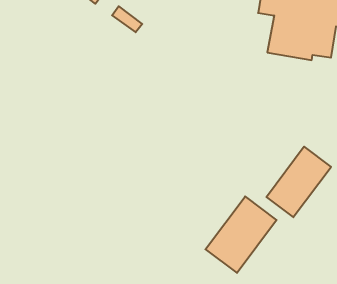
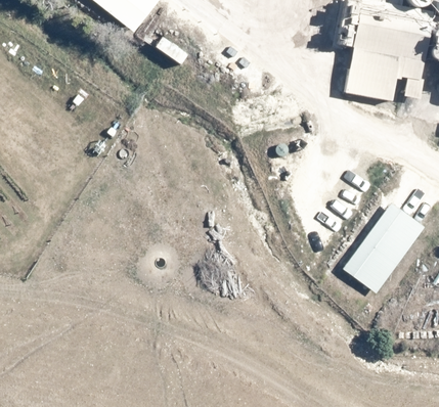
building: [205,196,277,273] -> none

